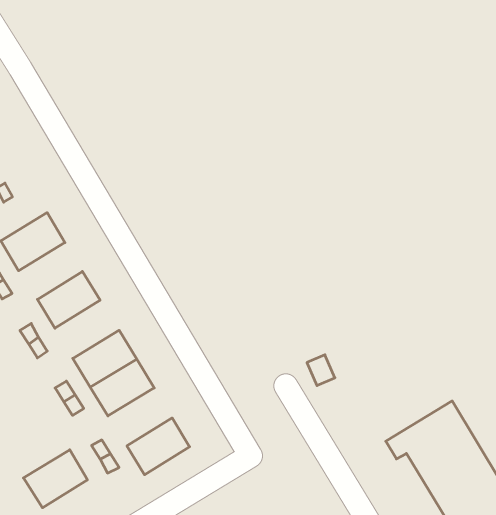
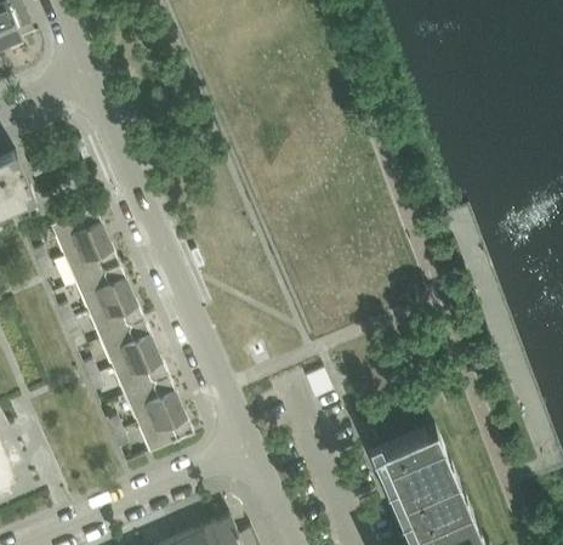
building: none -> [59,233,116,280]
building: none -> [85,289,142,337]
building: [23,450,87,508] -> [121,374,178,422]

